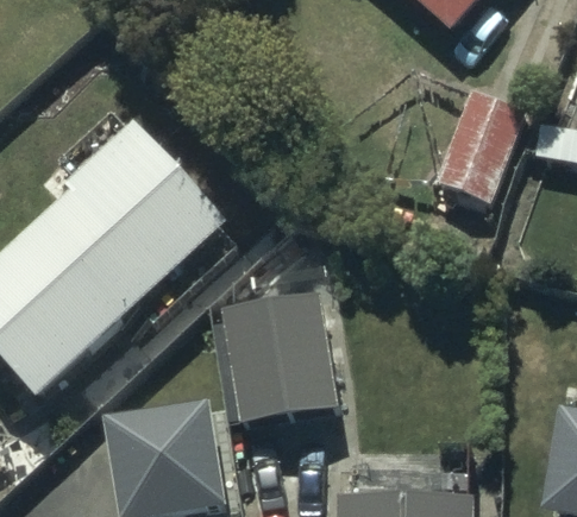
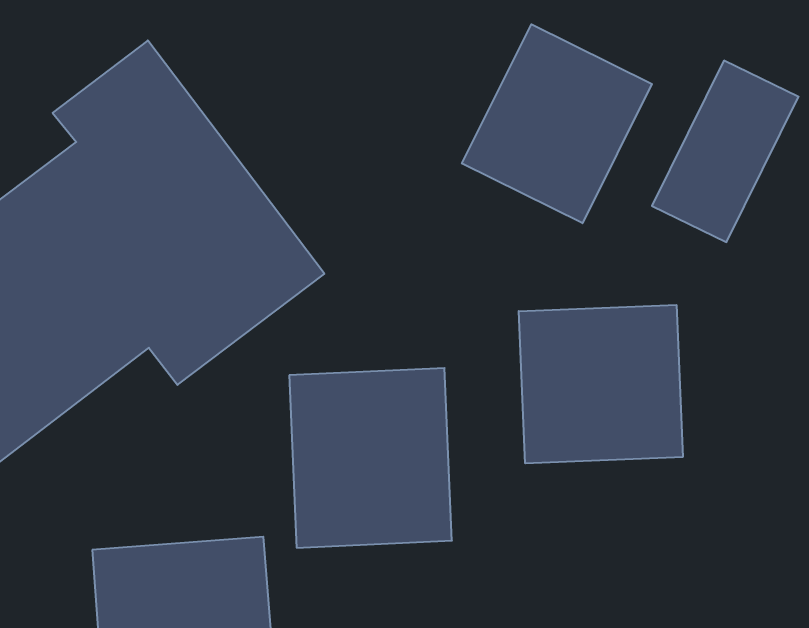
building: none -> [462,24,652,223]
building: none -> [519,305,683,463]

